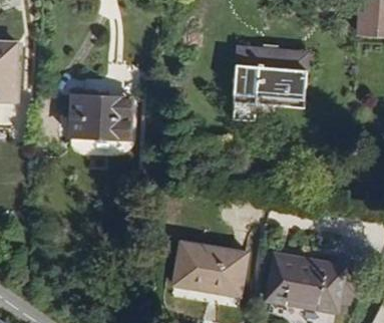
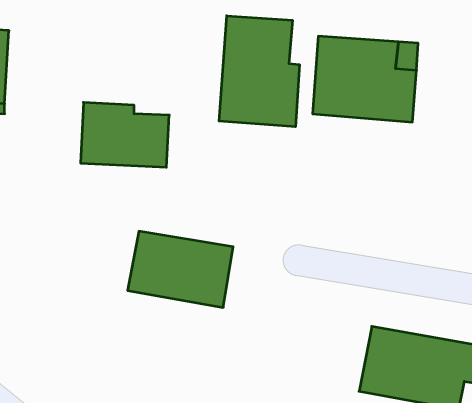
building: none -> [219,16,299,127]
building: [173,242,249,296] -> [128,231,233,307]

